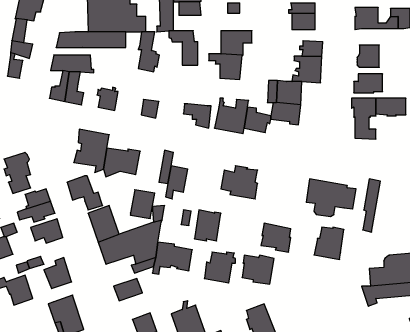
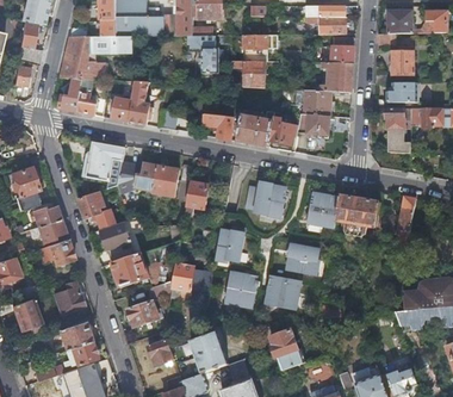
building: [138,32,159,72] -> [129,81,151,124]
building: [130,190,155,218] -> [151,165,178,196]
building: [314,227,344,259] -> [306,192,339,227]

